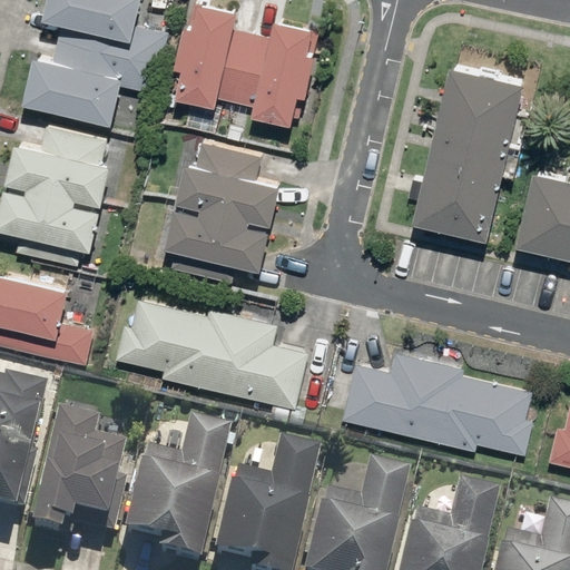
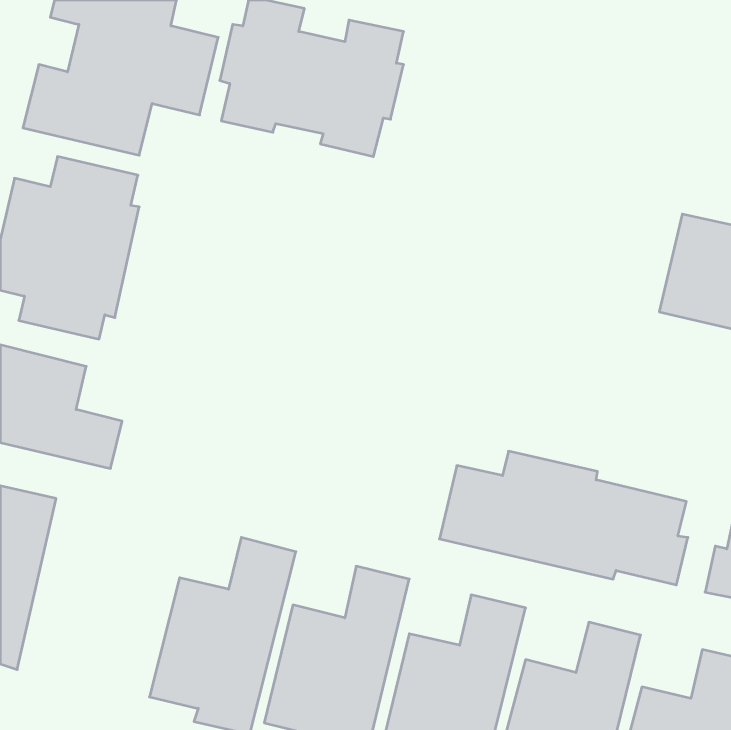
building: [411,65,523,240] -> none
building: [164,141,281,282] -> none
building: [117,299,311,410] -> none
building: [24,413,128,547] -> none

